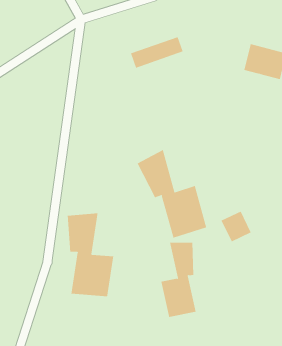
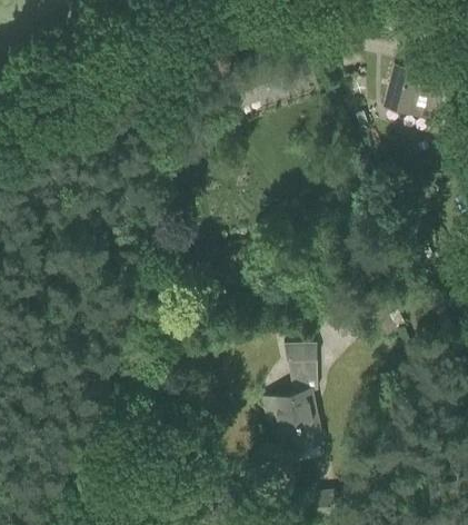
building: [137,149,207,238] -> none
building: [67,212,114,297] -> none

